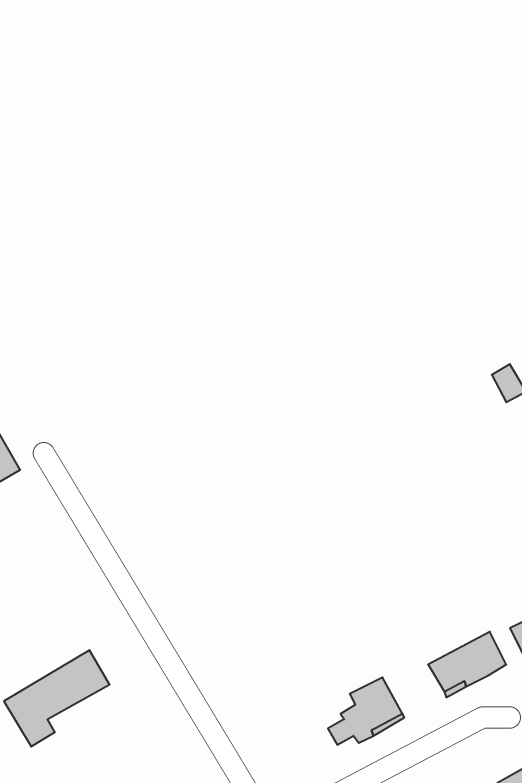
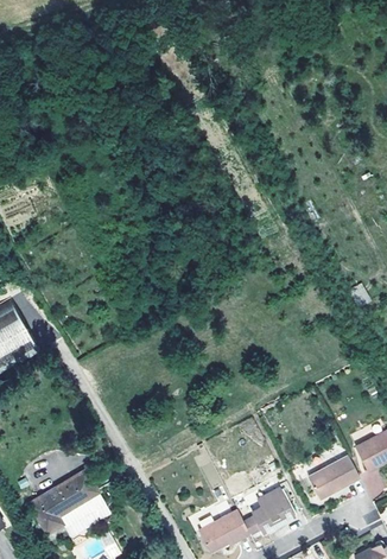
building: none -> [59,491,108,534]
building: none -> [197,508,248,546]

